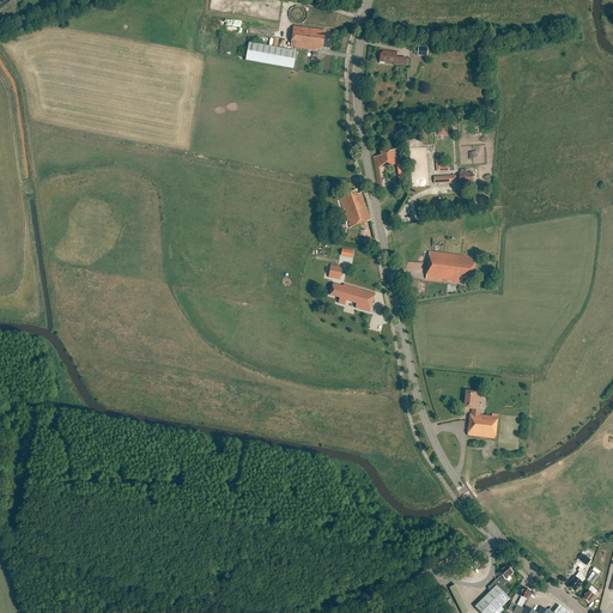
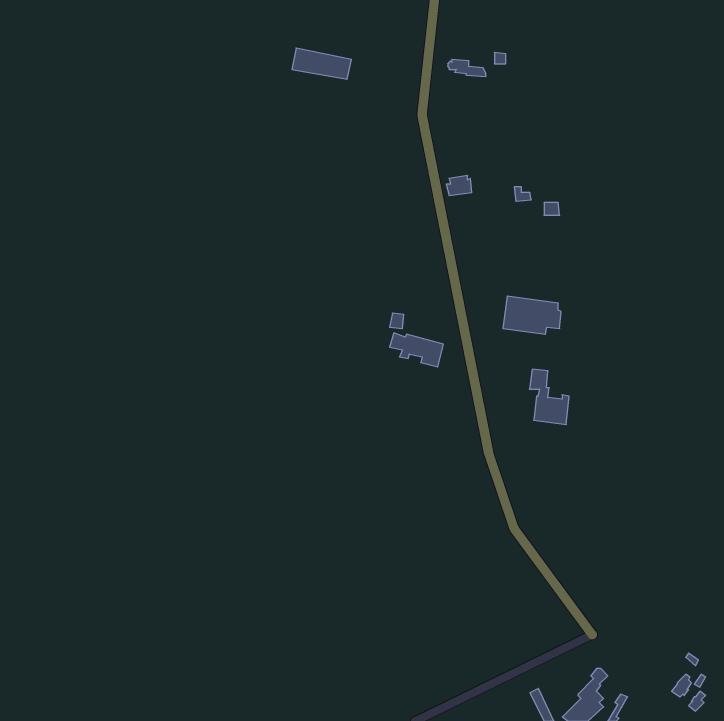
building: [291,25,333,49] -> none
building: [339,188,371,225] -> none
building: [463,390,497,437] -> [529,369,569,425]

